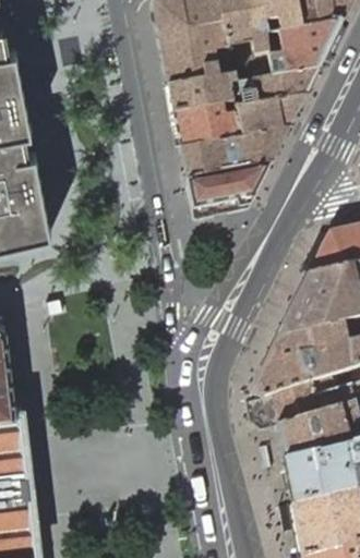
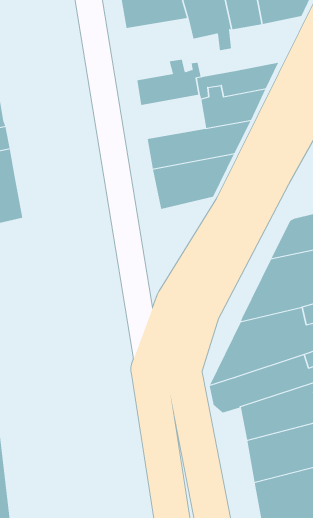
building: [264,26,339,83] -> none
building: [156,28,226,93] -> none
building: [171,108,239,154] -> none

